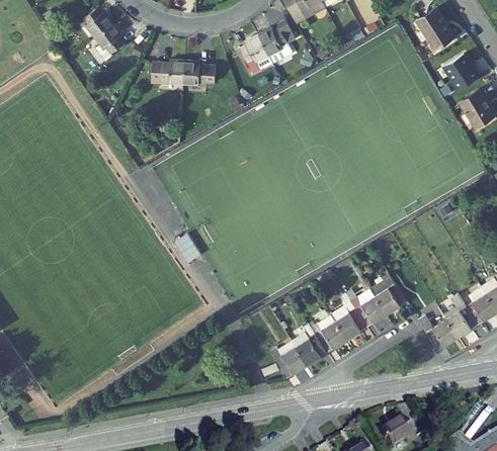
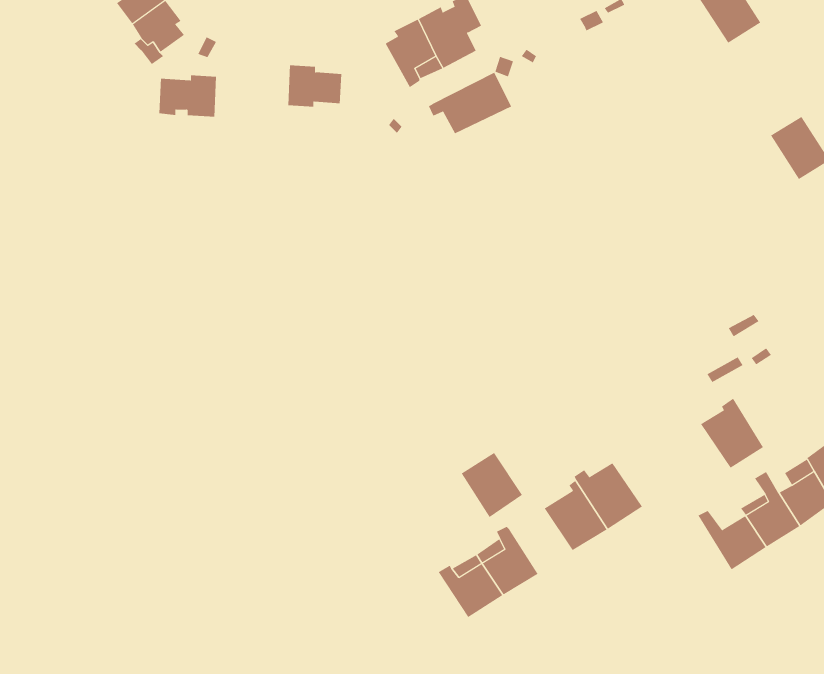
building: [442,50,481,89] -> none
building: [153,59,186,83] -> [158,75,217,117]
building: none -> [428,72,512,134]
building: [371,272,408,312] -> [700,398,764,468]
building: [313,313,348,351] -> [461,452,523,518]

